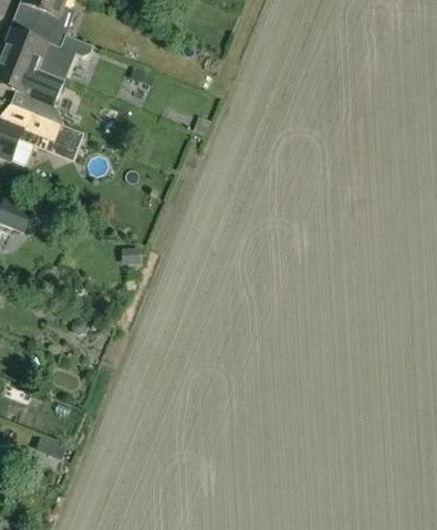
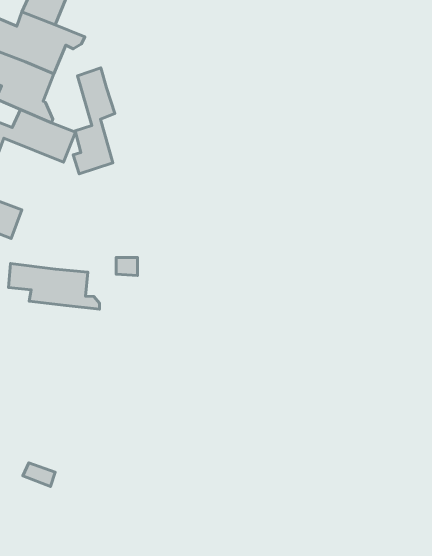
building: none -> [73,68,115,174]
building: none -> [9,264,99,309]

